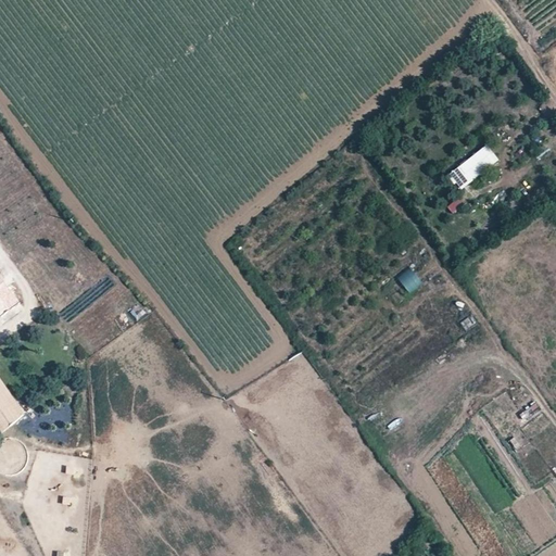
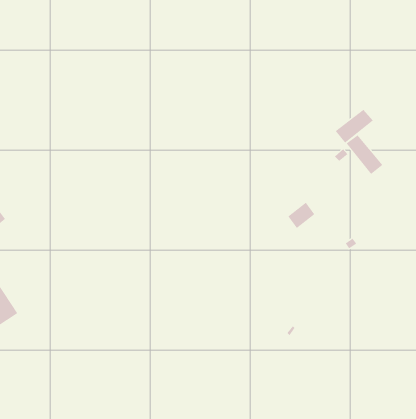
building: none -> [346,134,383,175]

